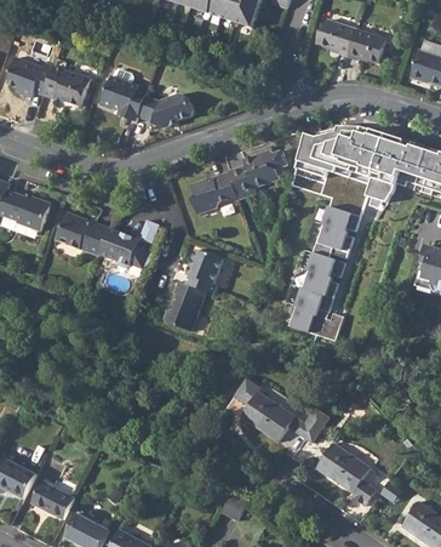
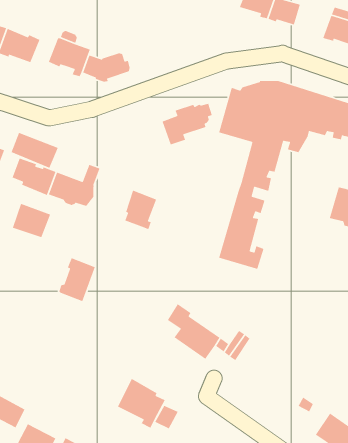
building: [190,171,237,215] -> none
building: none -> [10,132,59,169]
building: none -> [12,203,51,238]
building: [162,280,205,331] -> [58,257,96,302]
building: [315,441,376,506] -> none
building: none -> [117,378,166,429]

